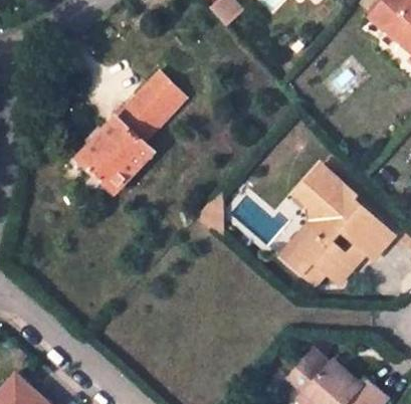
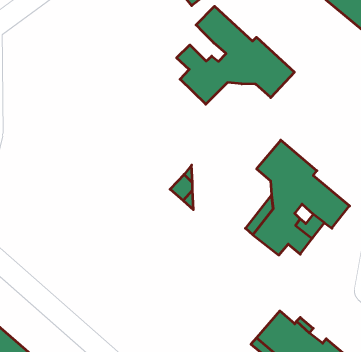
building: none -> [177,6,294,104]
building: [79,71,185,194] -> none

